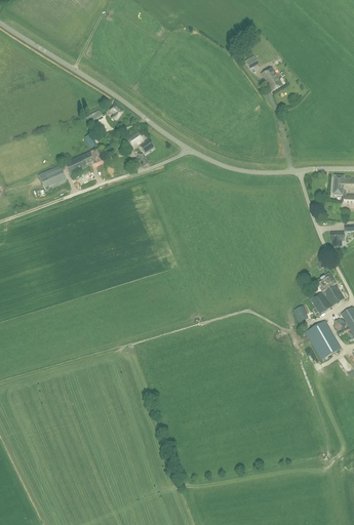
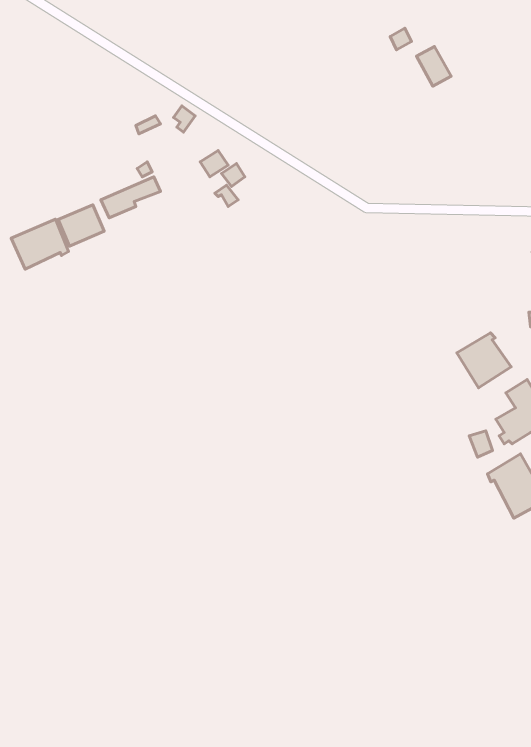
building: none -> [11,219,69,269]
building: none -> [457,333,511,388]

